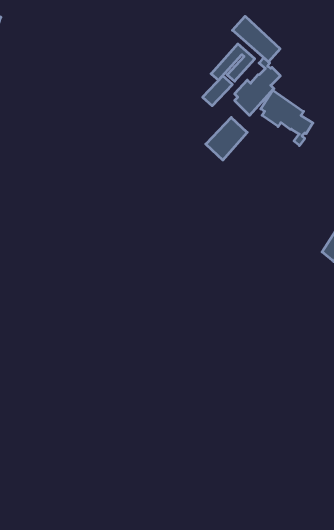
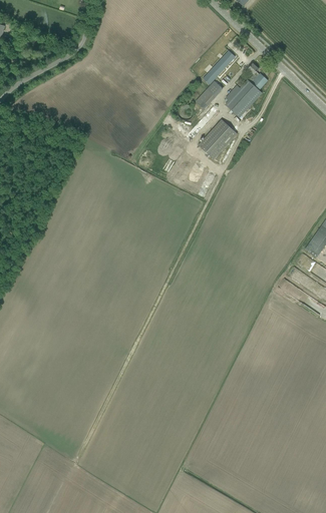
building: [232,16,280,62] -> none
building: [261,90,313,146] -> none

